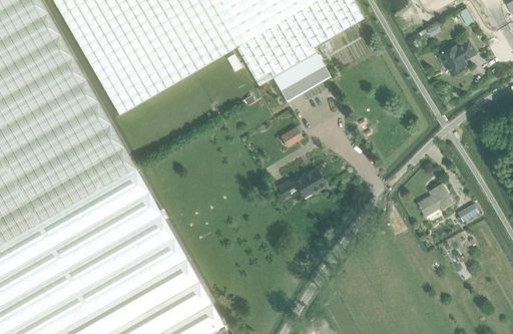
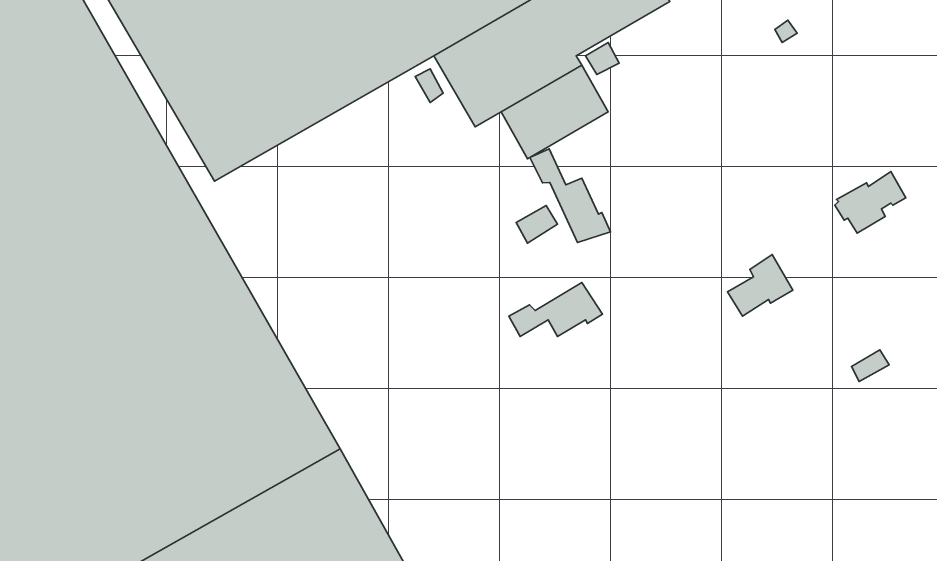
building: [439,40,477,73] -> [835,171,906,233]
building: none -> [530,149,611,242]
building: [418,184,453,217] -> [727,254,793,316]

